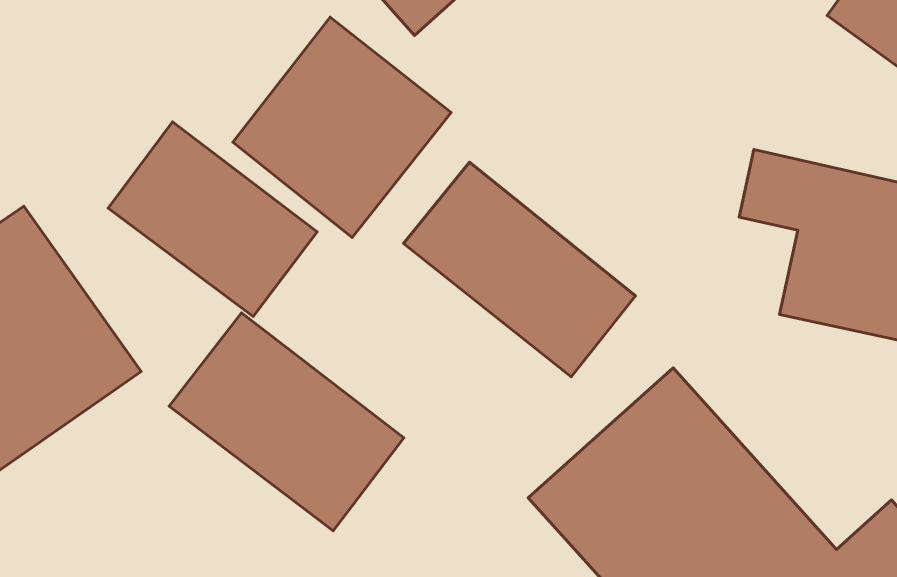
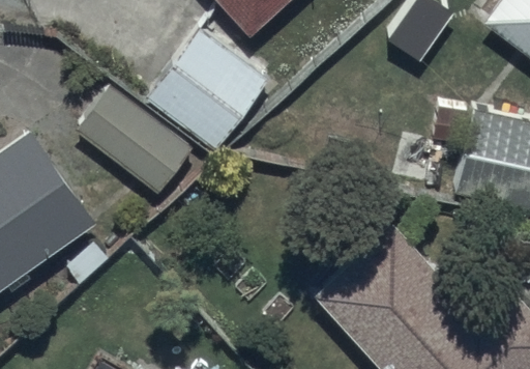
building: [403,162,636,377] -> none
building: [169,313,404,531] -> none

